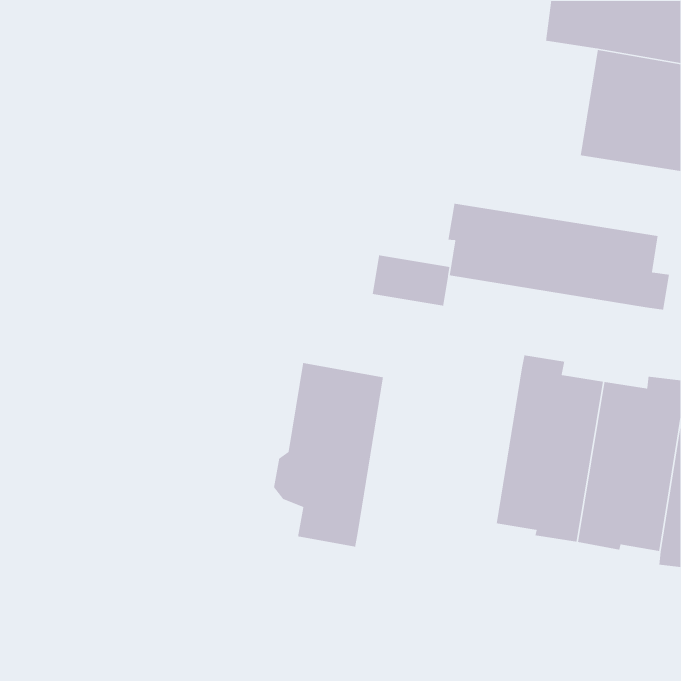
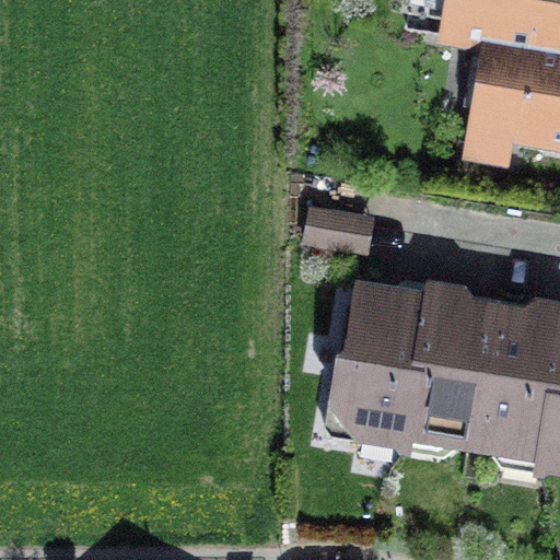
building: [448,203,670,310] -> none
building: [273,362,384,547] -> [337,290,428,442]

